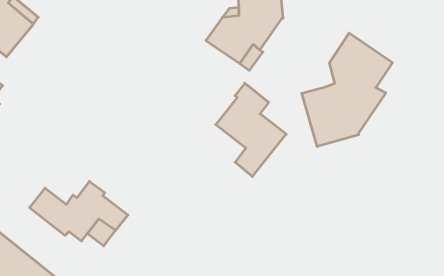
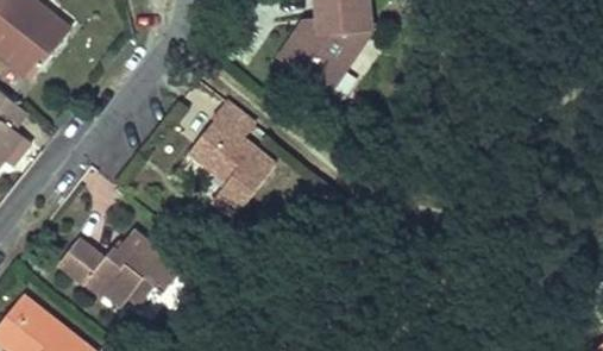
building: [302,33,392,147] -> none
building: [216,83,286,177] -> [188,101,275,217]

